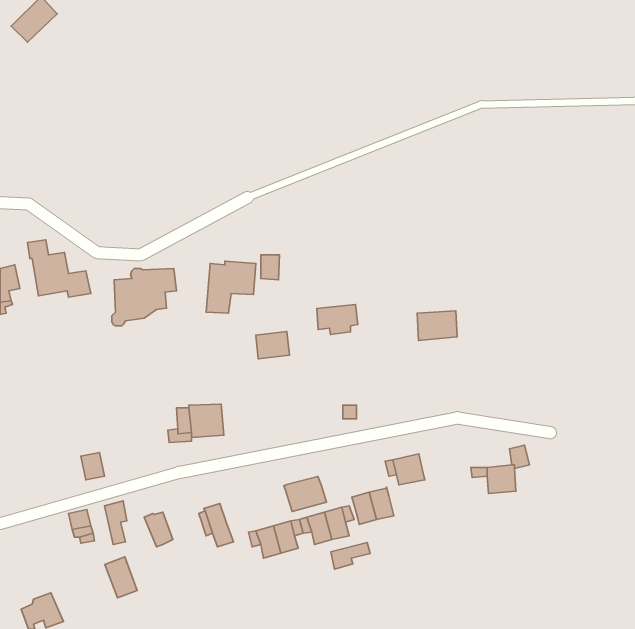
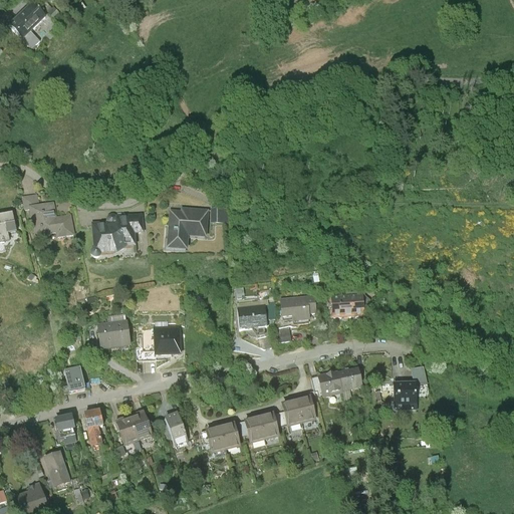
building: [317,305,358,334] -> [281,298,314,322]
building: [417,311,457,341] -> [330,295,362,319]
building: [256,332,289,359] -> [238,307,265,329]
building: none -> [97,320,130,351]
building: none -> [338,362,362,384]
building: [284,476,326,511] -> none
building: none -> [132,408,154,436]
building: [331,542,370,569] -> none
building: [105,557,137,598] -> [44,447,70,480]

